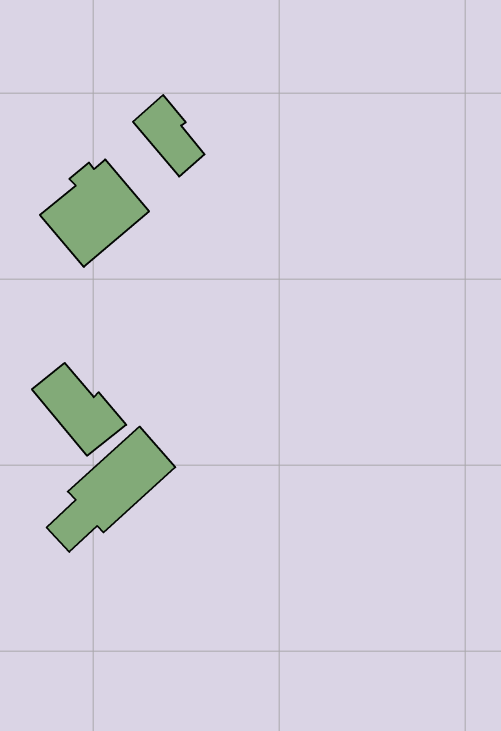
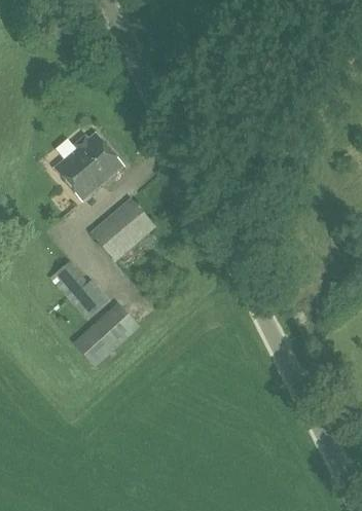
building: [133,95,205,177] -> none
building: none -> [90,197,156,261]

